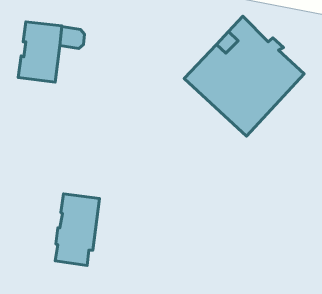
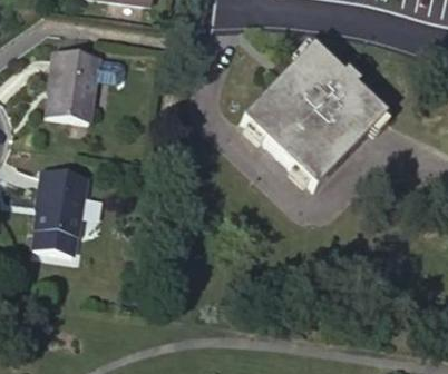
building: [55,194,99,265] -> [35,167,87,252]

